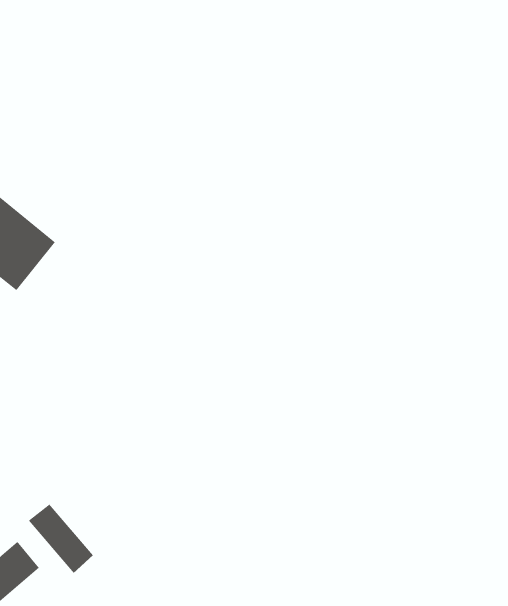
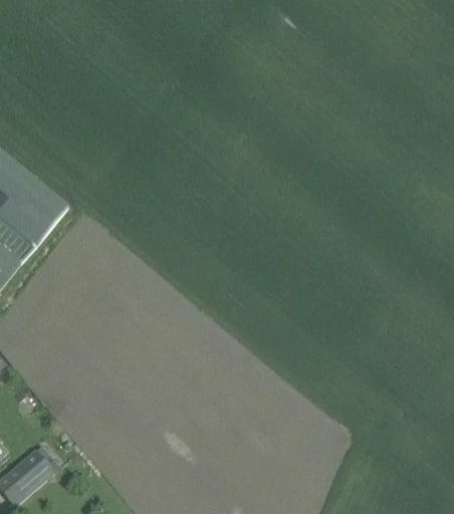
building: [28,503,94,574] -> none

